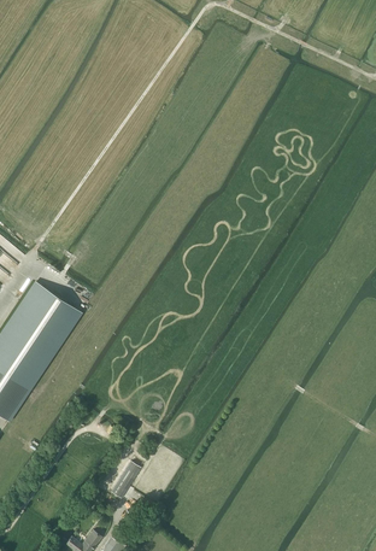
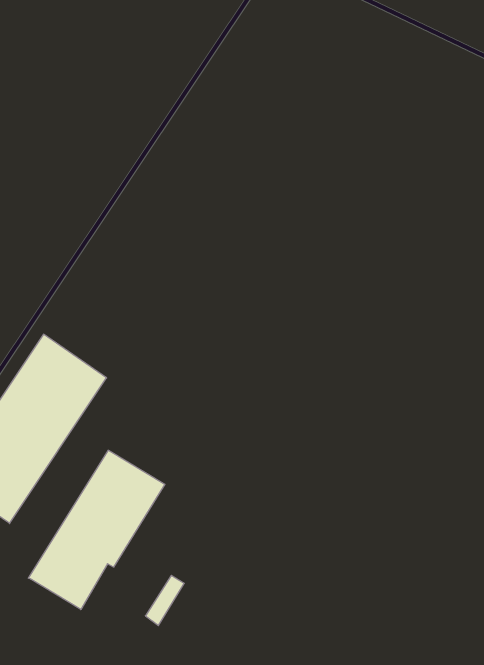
building: none -> [28,450,165,610]

